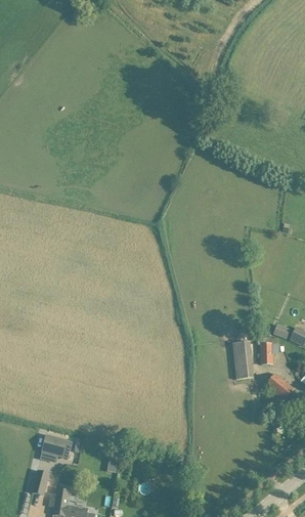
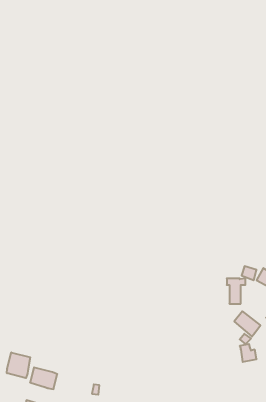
building: [232,341,254,379] -> none
building: none -> [7,352,30,378]

